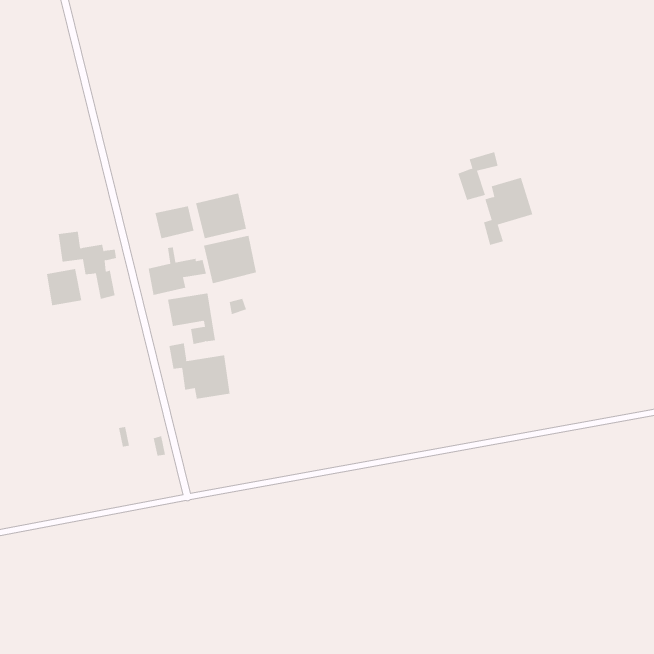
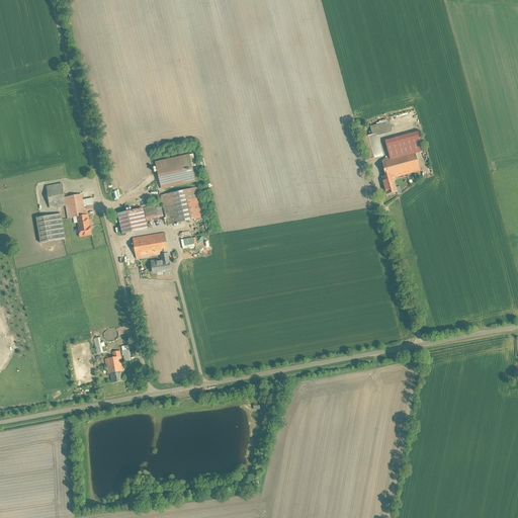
building: [155,205,194,239] -> none
building: [169,343,230,399] -> none
building: none -> [103,349,123,381]

